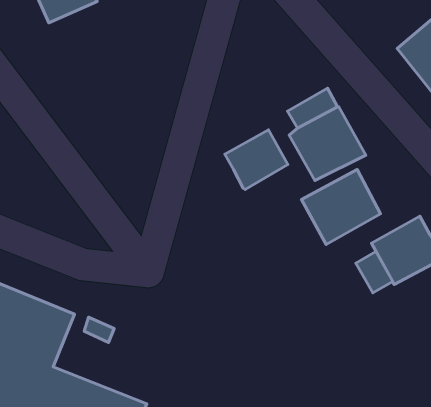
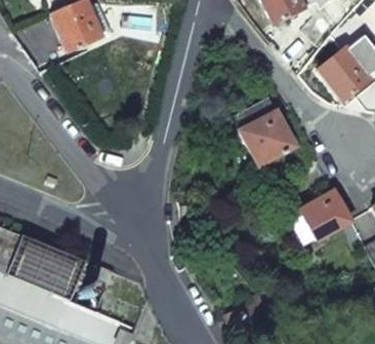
building: [225,130,288,189] -> none
building: [301,170,380,244] -> none

